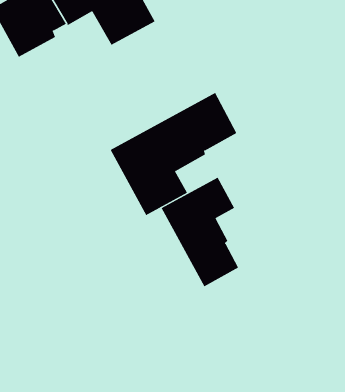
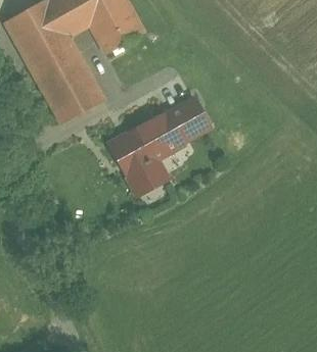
building: none -> [28,35,104,123]
building: [161,177,239,287] -> none

